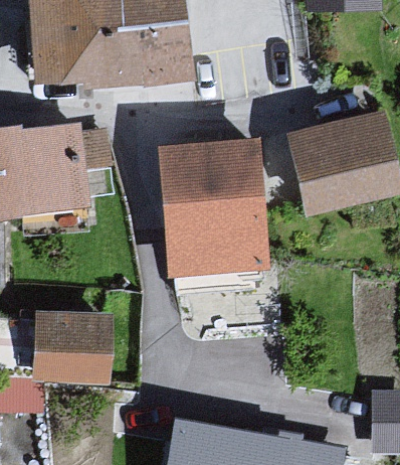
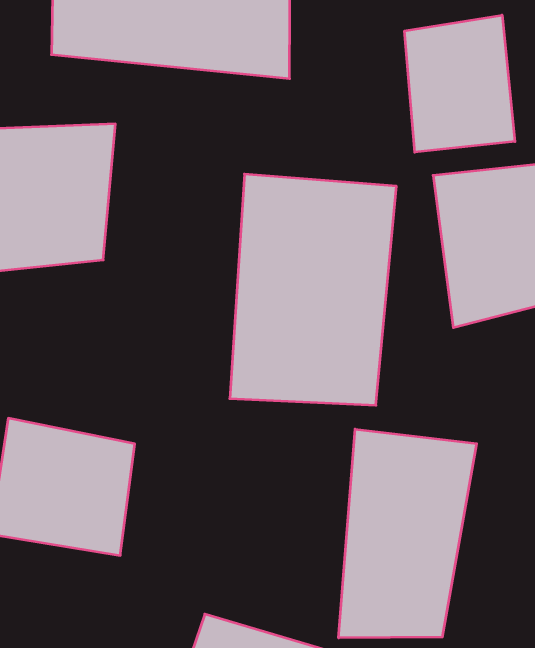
building: none -> [405,15,515,152]
building: none -> [339,429,477,638]

